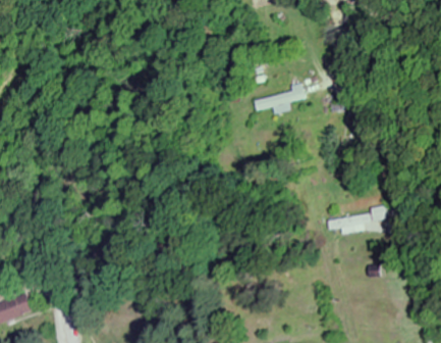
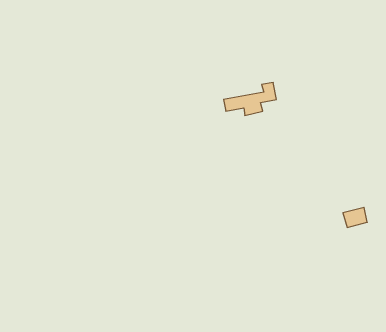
building: [326,215,370,234] -> none

